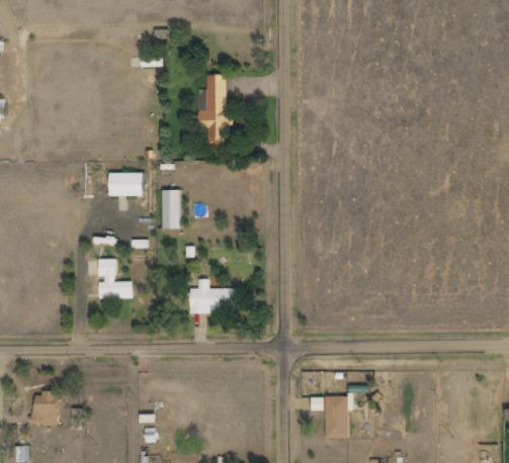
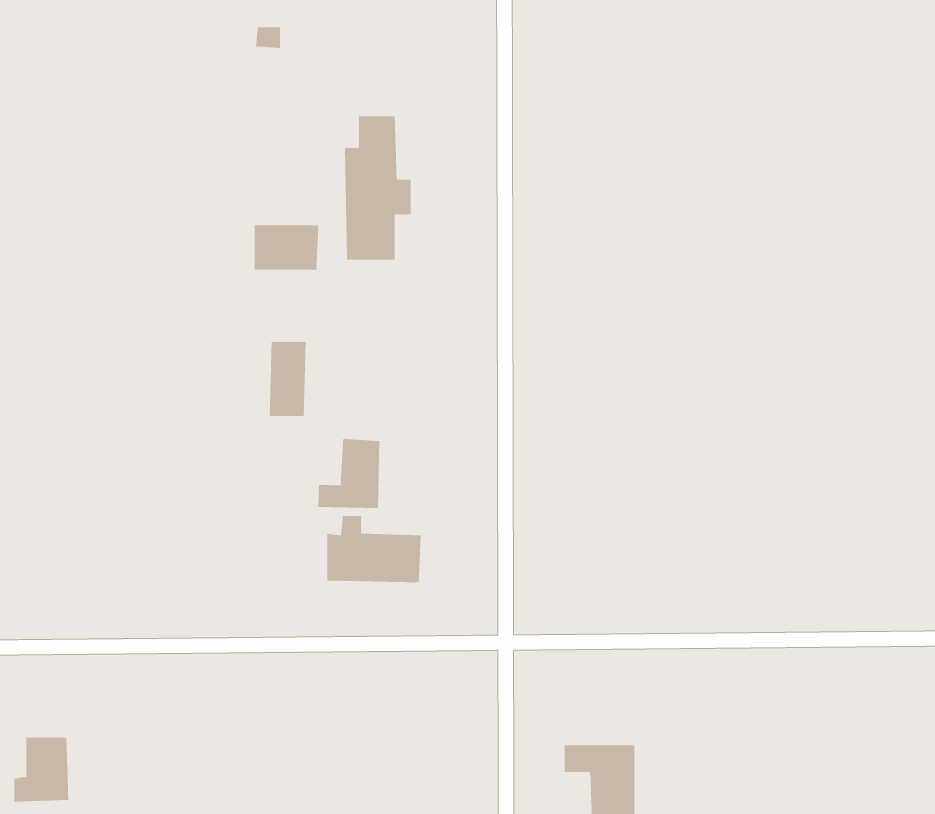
building: [110,173,144,196] -> [254,225,319,270]
building: none -> [318,438,380,509]
building: [99,259,134,299] -> none

